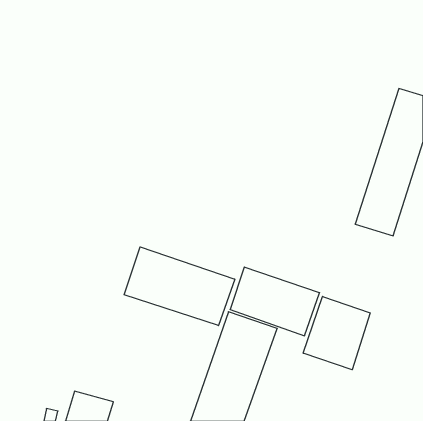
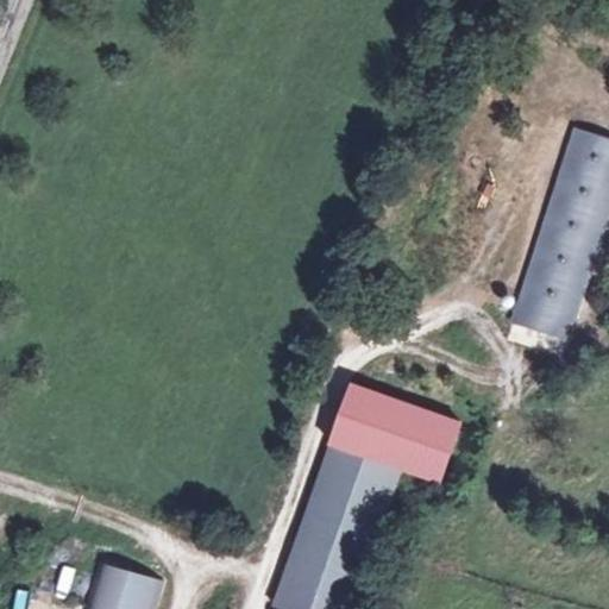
building: [124,247,235,326] -> none
building: [303,296,370,370] -> none

